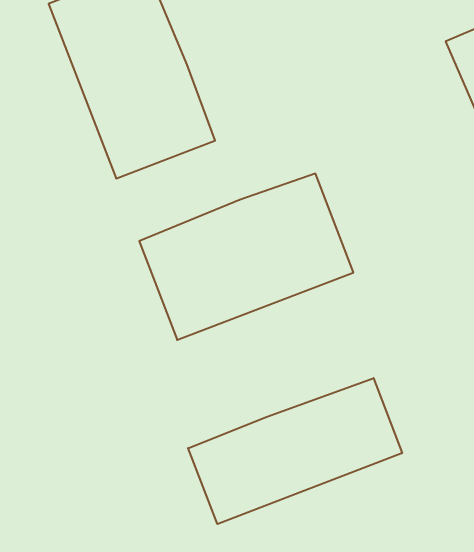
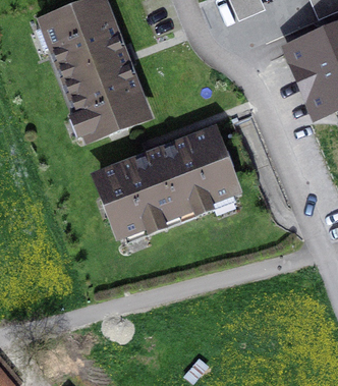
building: [188,378,402,524] -> none

